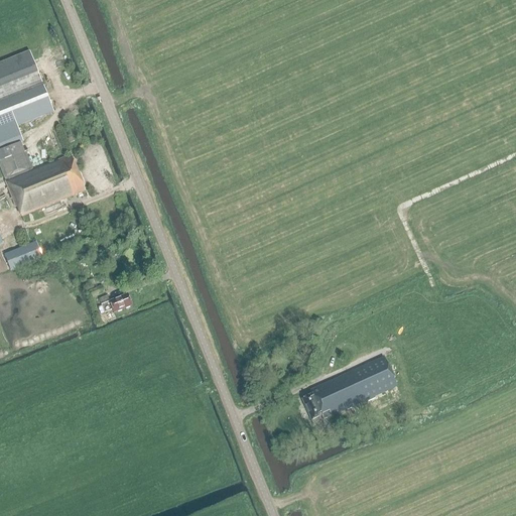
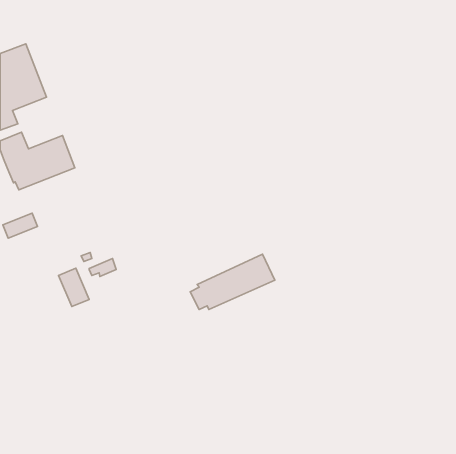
building: none -> [59,268,89,307]
building: [300,355,396,417] -> [190,254,275,310]

